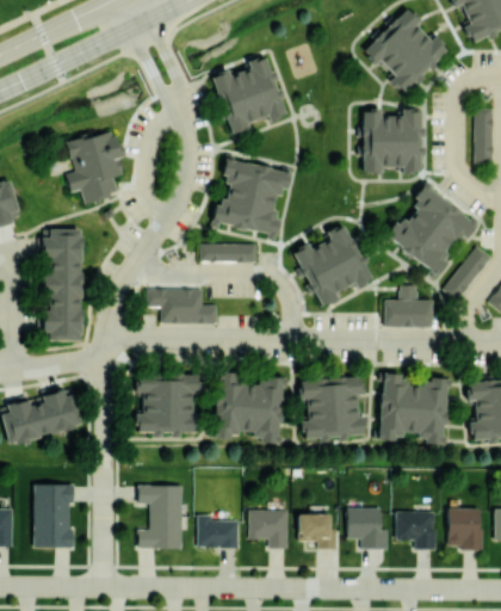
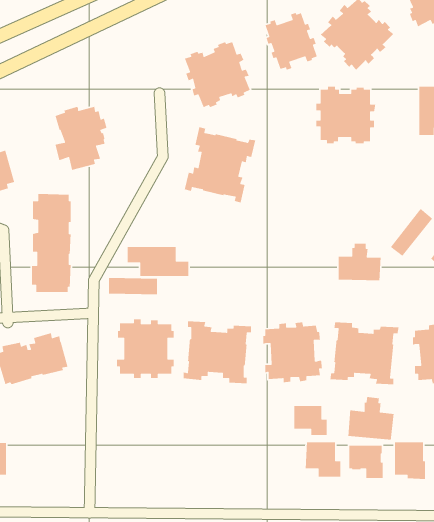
building: none -> [264,12,318,71]
building: [382,180,480,278] -> none
building: [293,226,372,304] -> none
building: [200,242,256,263] -> [108,277,158,295]
building: none -> [347,396,395,441]
building: [33,483,74,548] -> none
building: [137,485,183,548] -> none
building: [249,510,289,547] -> none
building: [298,513,336,548] -> [293,405,327,436]
building: [197,514,237,547] -> none

